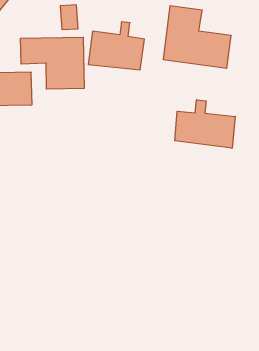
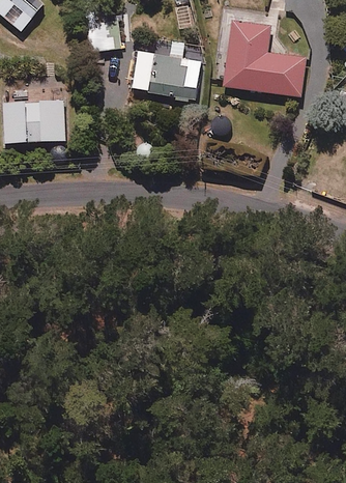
building: [21,37,84,89] -> none
building: [175,100,235,148] -> none

